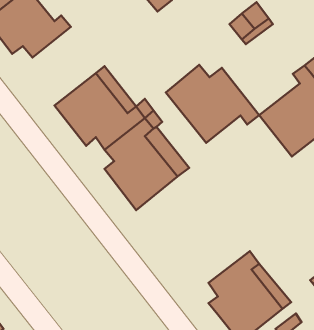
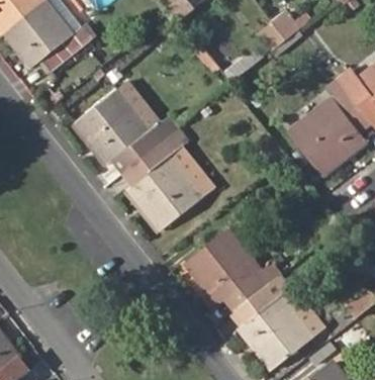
building: [166,65,259,143] -> none
building: none -> [185,228,280,308]

